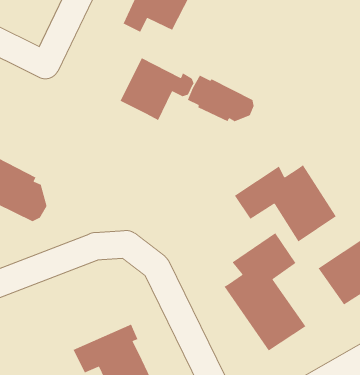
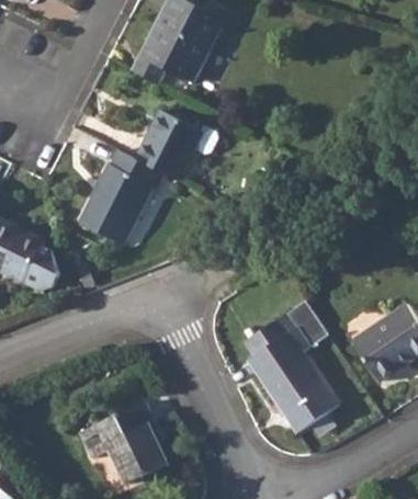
building: [187,74,255,122] -> none
building: none -> [78,149,162,246]
building: [234,164,337,242] -> none

